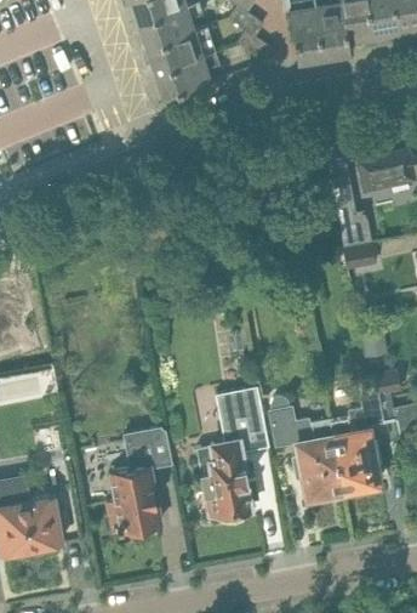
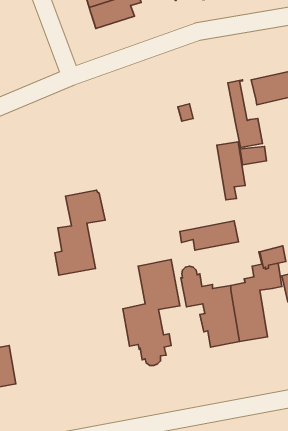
building: none -> [217,142,245,200]
building: none -> [180,221,238,250]
building: [109,426,172,533] -> [55,190,105,275]

